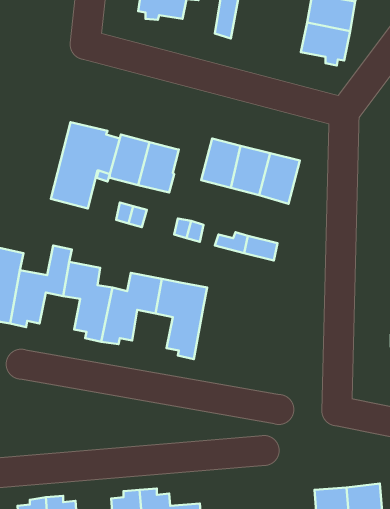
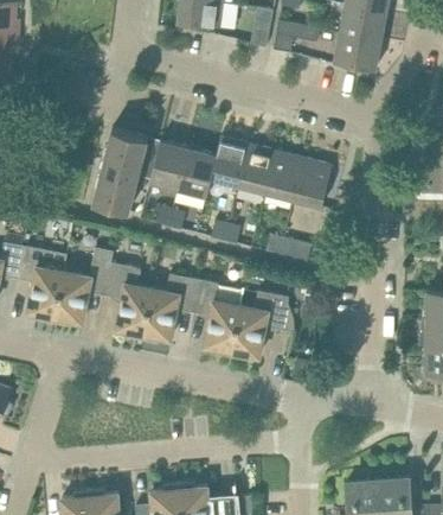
building: none -> [274,20,320,52]
building: none -> [211,136,249,184]
building: none -> [231,291,294,361]

